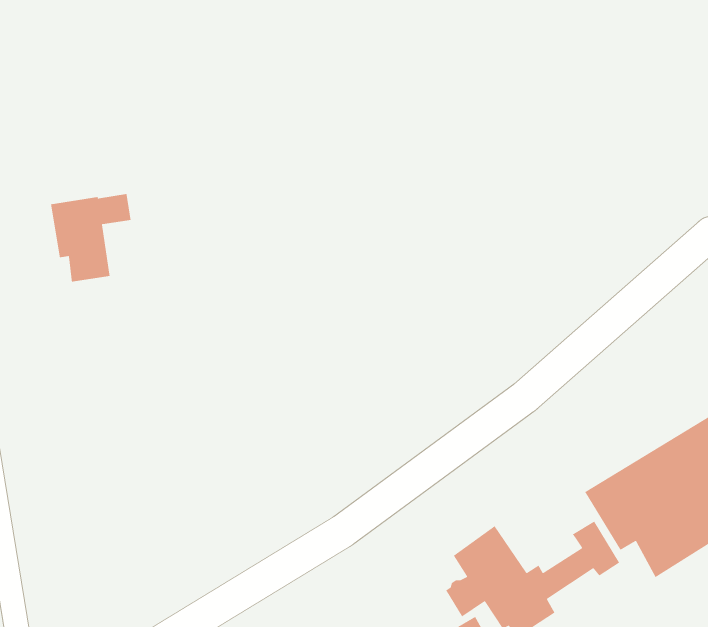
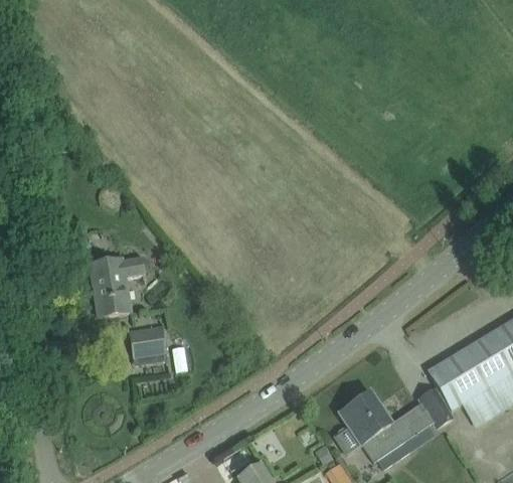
building: [50,193,132,282] -> [90,257,144,316]
building: none -> [129,327,166,357]

